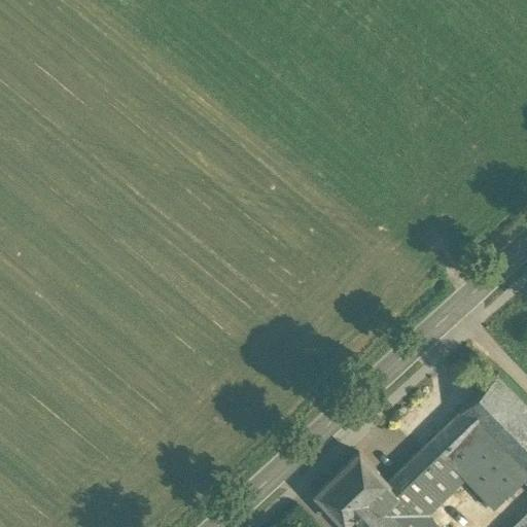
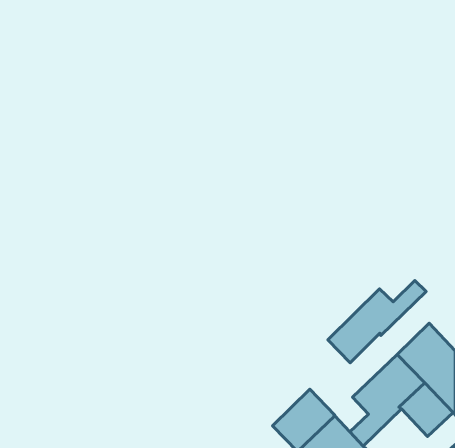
building: none -> [328,280,426,363]
building: [386,467,426,507] -> none

